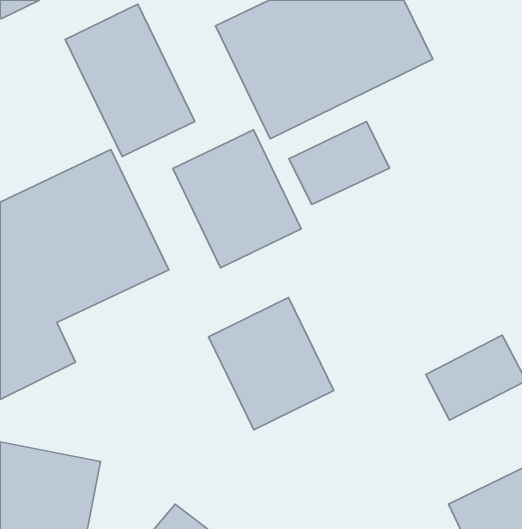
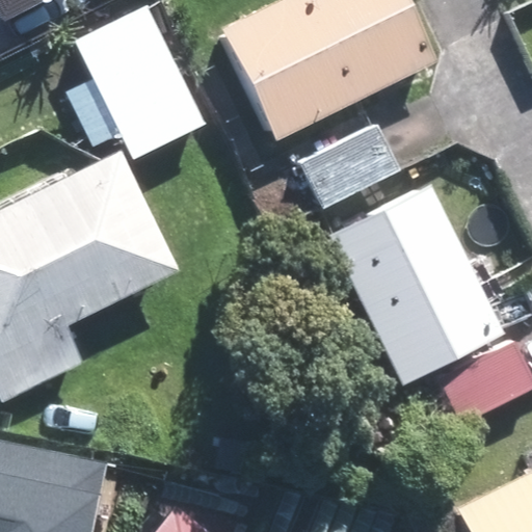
building: [173,130,301,268] -> none
building: none -> [328,185,503,384]
building: [208,298,334,430] -> none

